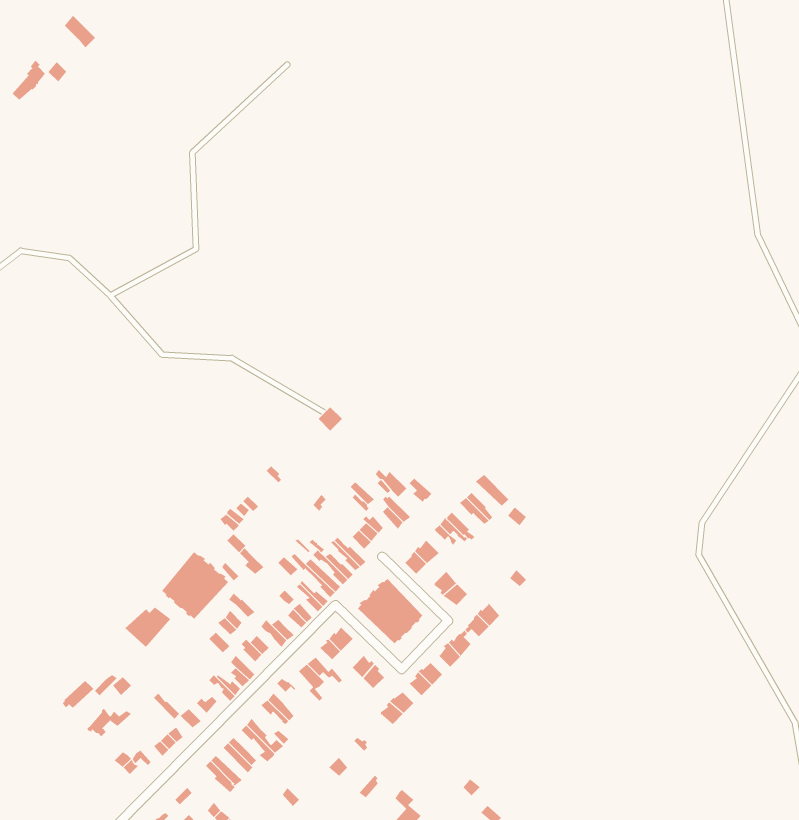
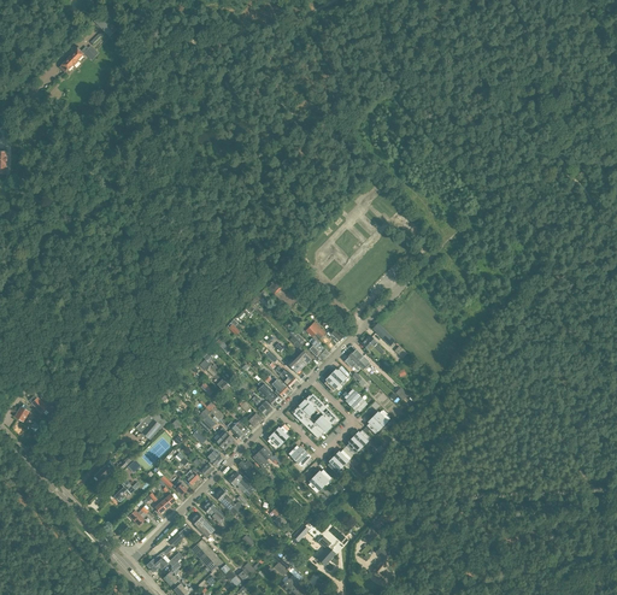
building: [161,551,229,620] -> none

